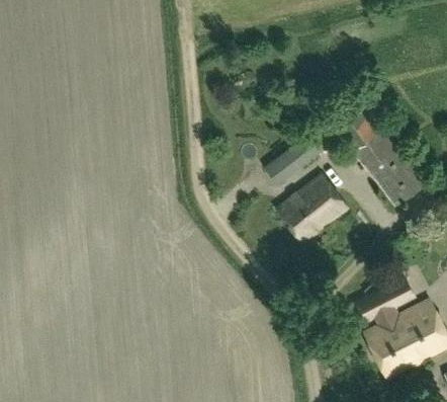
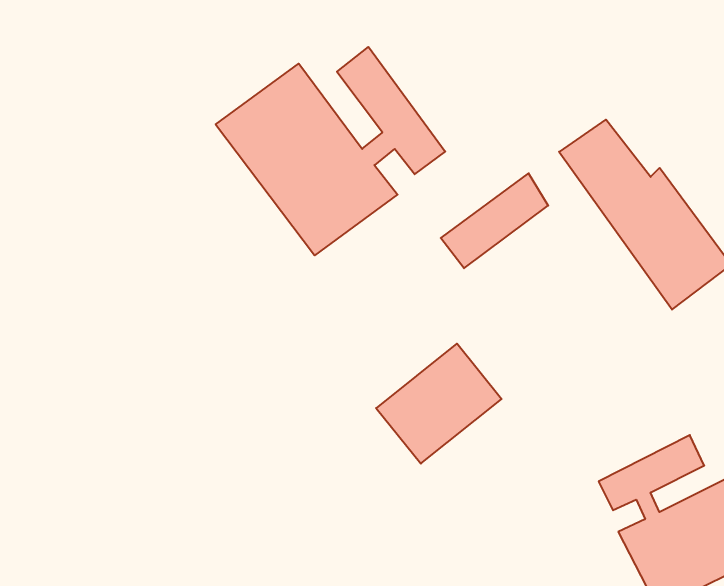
building: none -> [216,47,445,255]
building: [276,173,347,241] -> [376,344,502,464]

